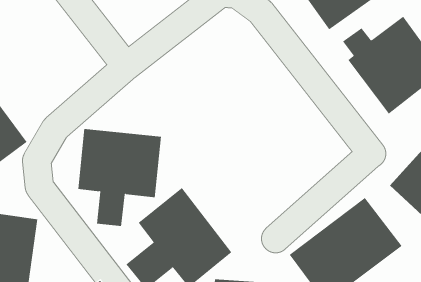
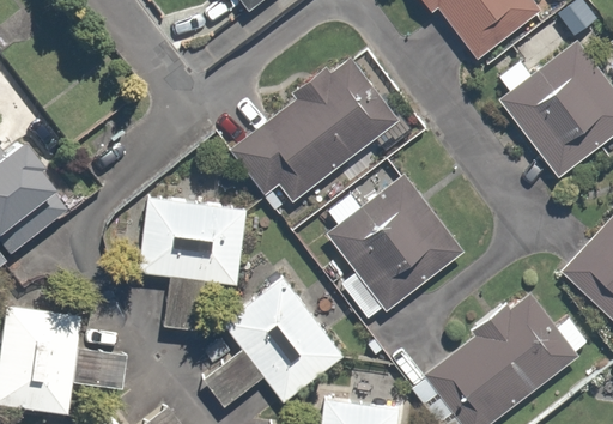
building: none -> [227,61,396,201]
building: none -> [312,174,461,320]

